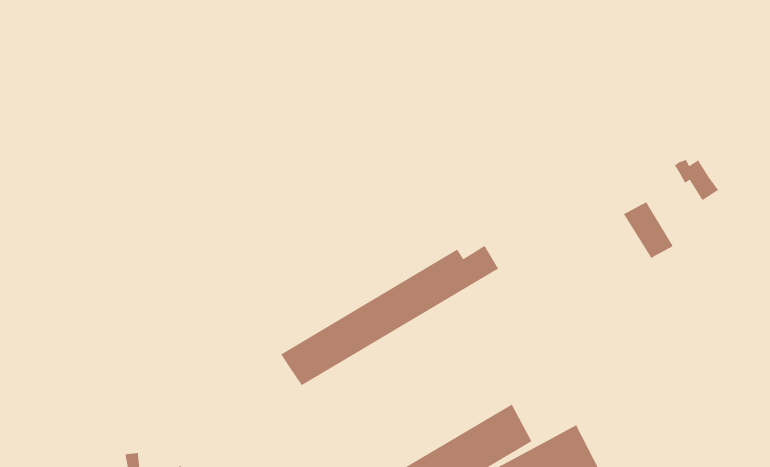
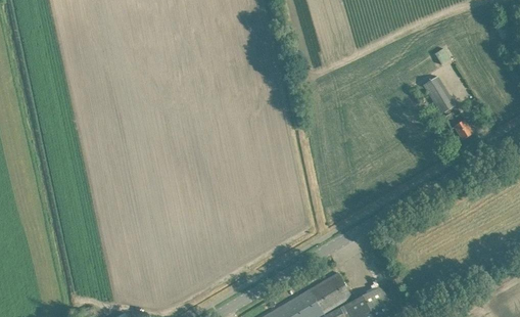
building: [623,201,673,259] -> [422,75,455,112]
building: [280,245,499,386] -> none

